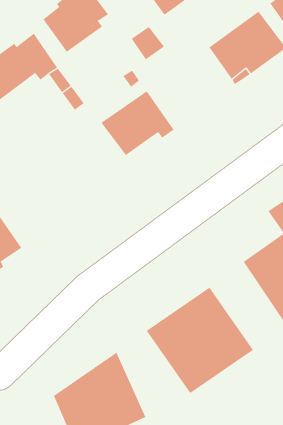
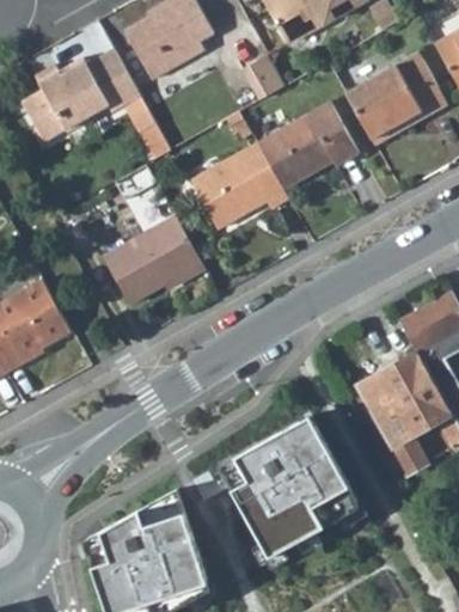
building: none -> [256,102,359,190]
building: none -> [103,215,204,306]

